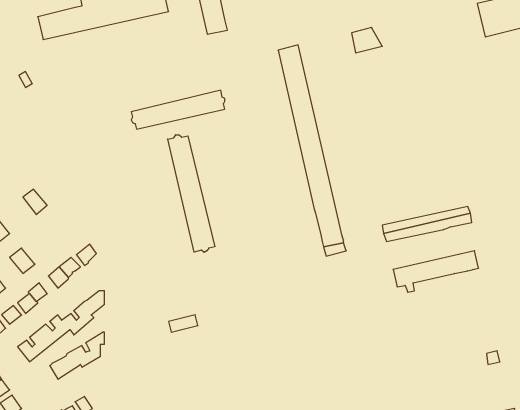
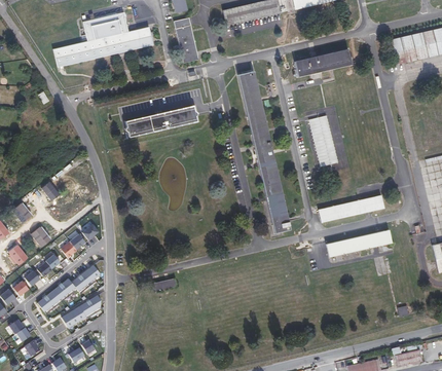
building: none -> [310,48,351,71]
building: none -> [308,114,337,165]
building: [168,135,215,252] -> none

